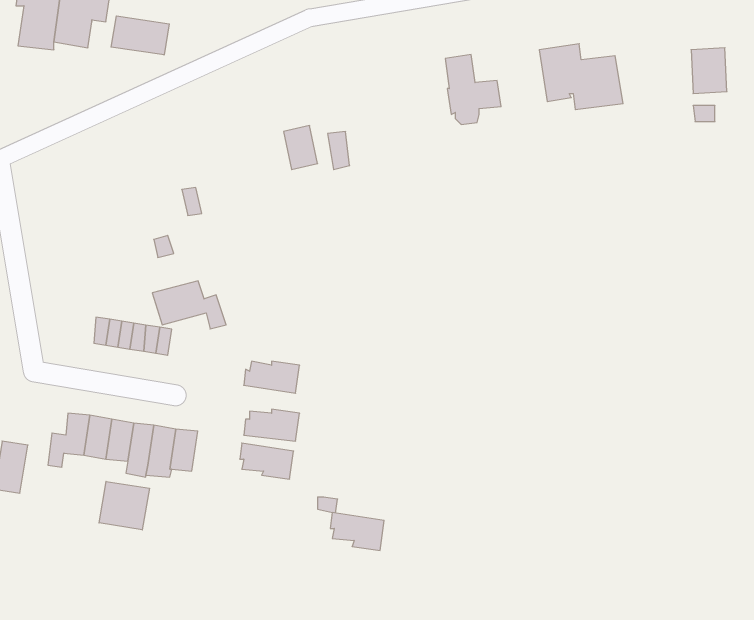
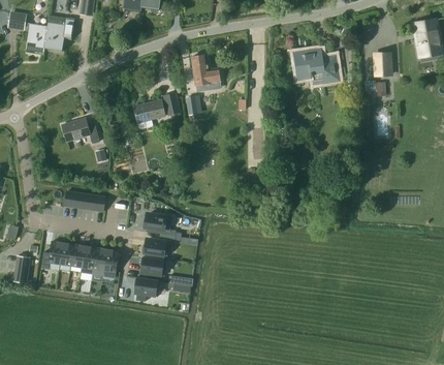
building: [111,16,169,55] -> none
building: [445,55,501,124] -> [191,54,220,90]
building: none -> [133,99,164,122]
building: [152,281,226,329] -> [61,118,99,143]
building: [99,481,149,530] -> none
building: [330,513,384,550] -> [133,277,161,297]

